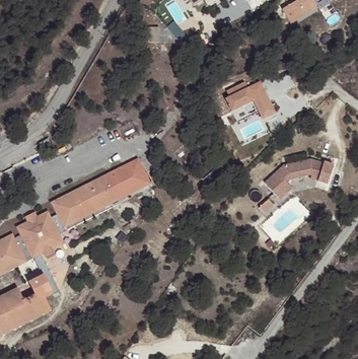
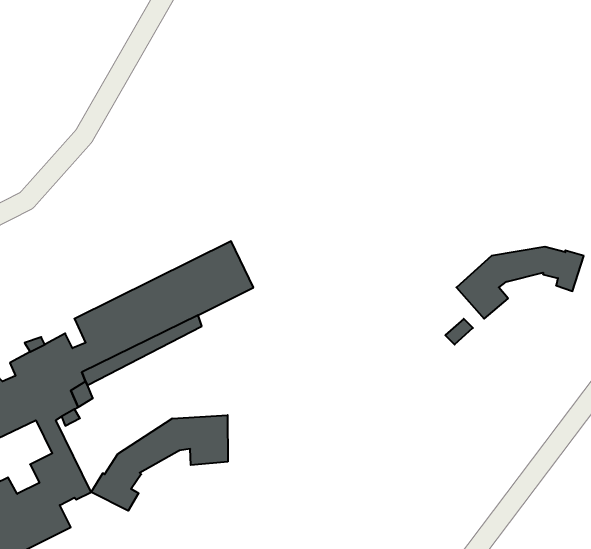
building: [222,80,269,117] -> none
building: none -> [91,415,228,511]

